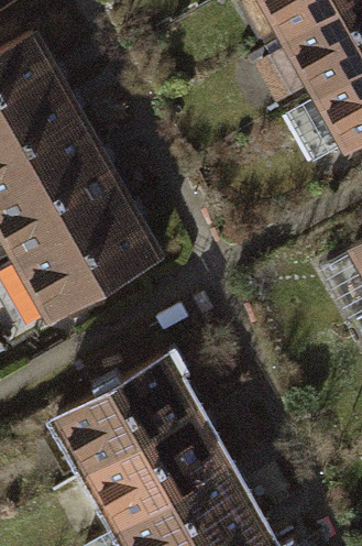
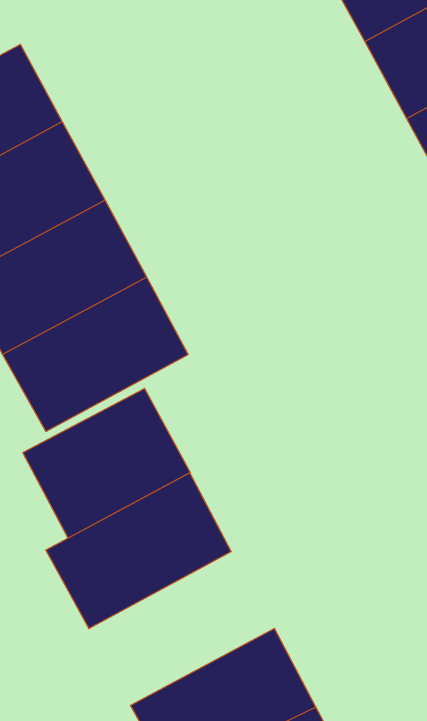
building: none -> [23,388,190,538]
building: [78,417,216,532] -> none

